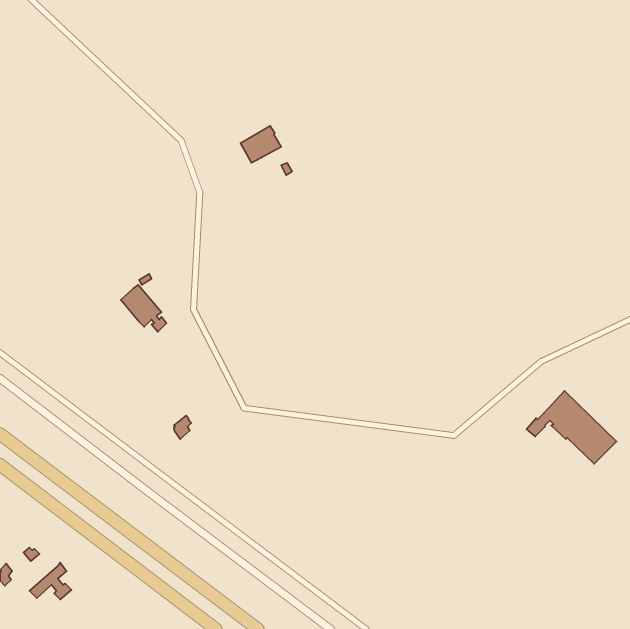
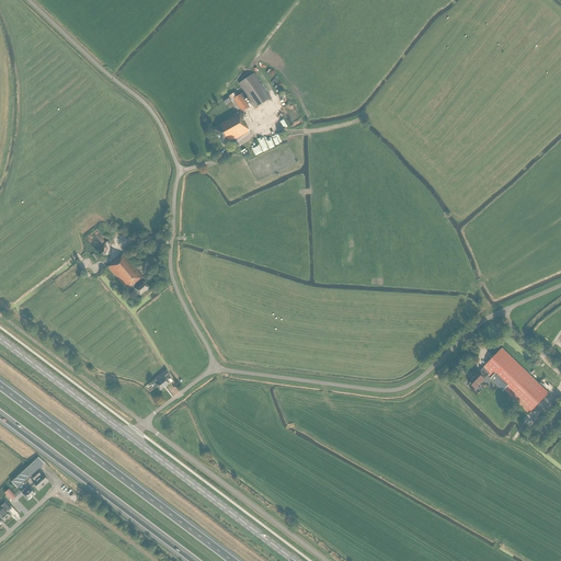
building: none -> [229,72,271,112]
building: [29,563,71,600] -> [11,456,48,489]

